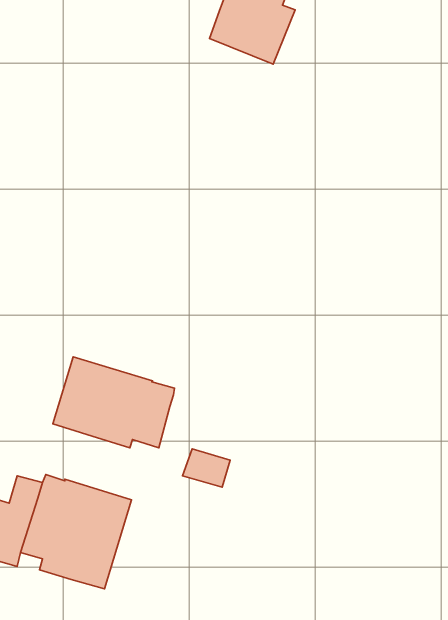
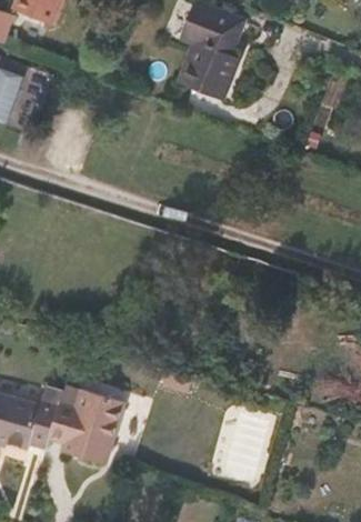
building: [53,357,175,448] -> none

